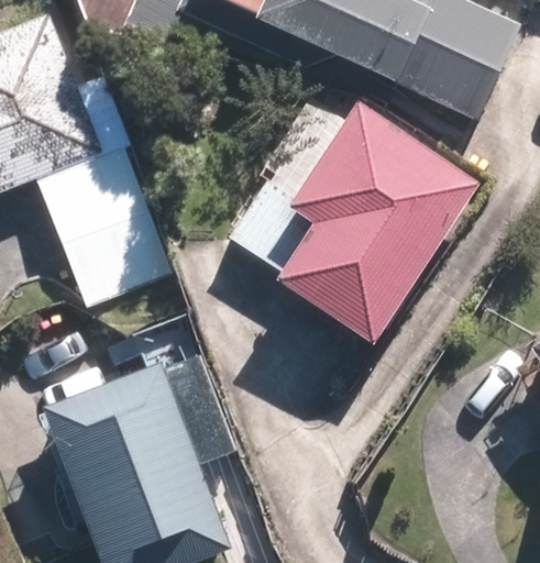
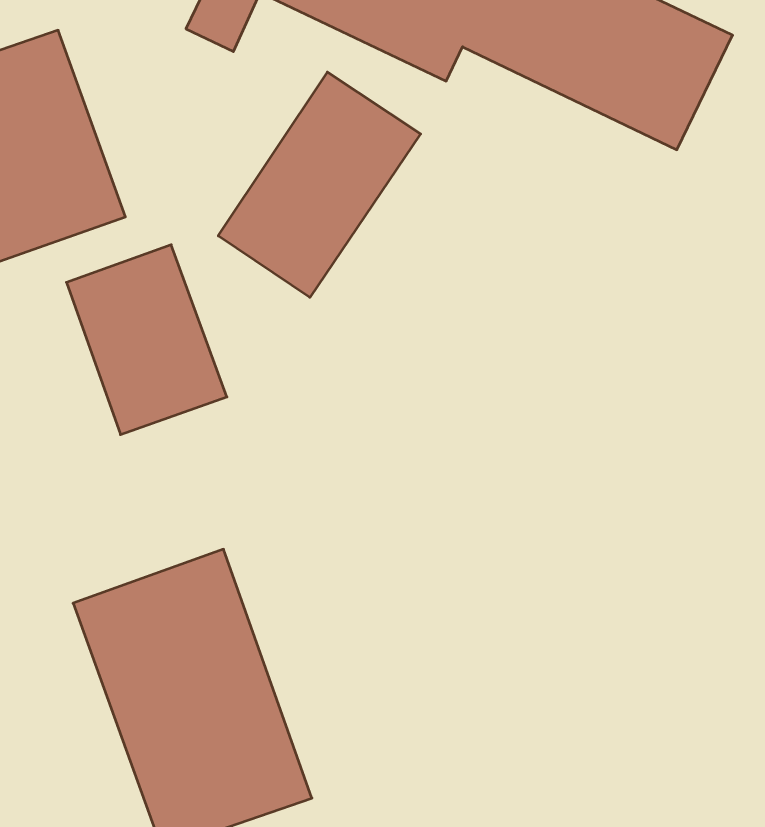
building: none -> [218,72,421,297]
building: [286,115,464,328] -> none

